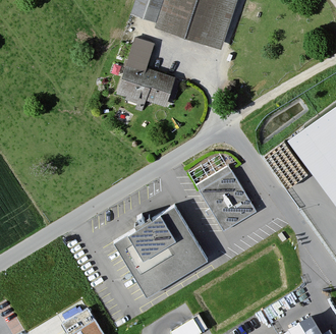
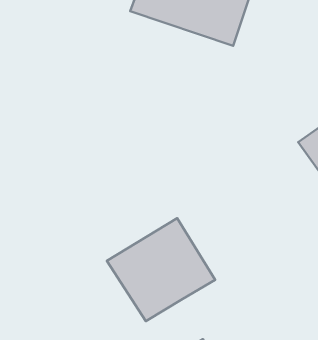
building: [115,45,181,112] -> none
building: [198,166,259,231] -> none

